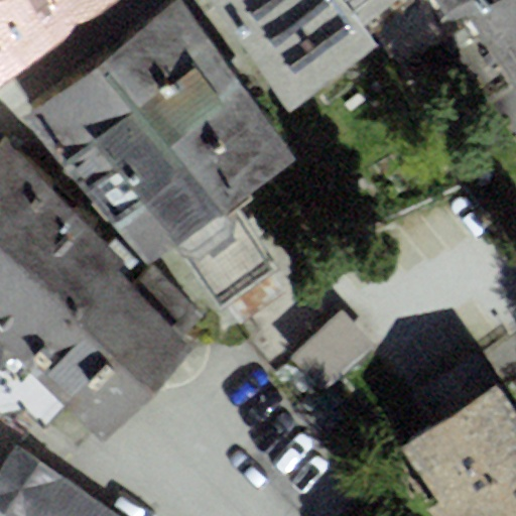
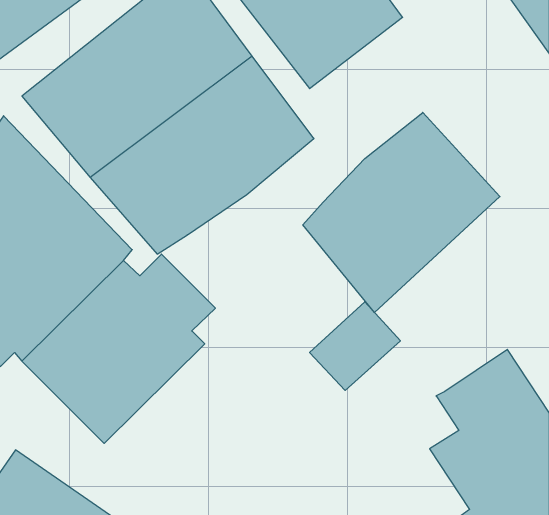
building: none -> [303,112,500,312]
building: [176,208,275,302] -> none

